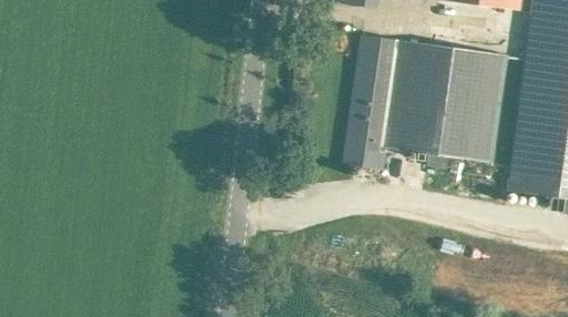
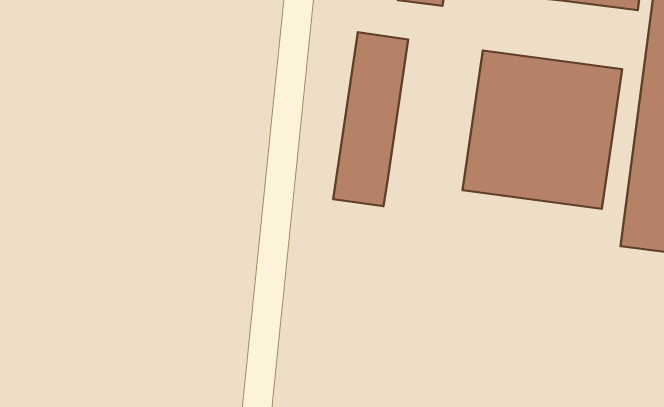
building: [344,35,402,170] -> [333,32,408,206]

